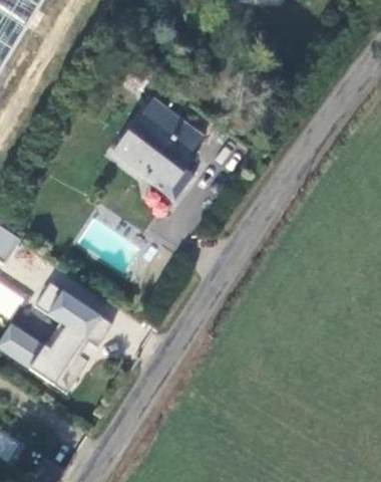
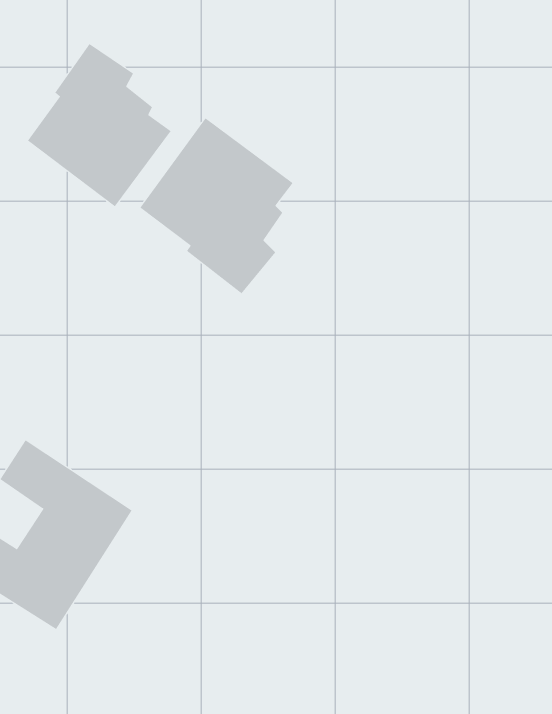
building: none -> [27,43,172,207]

